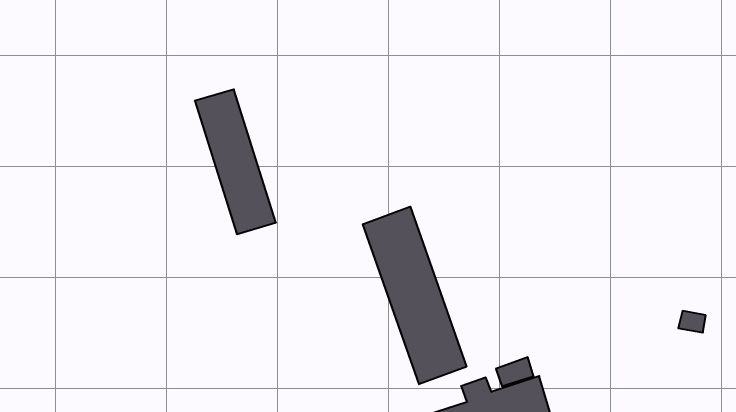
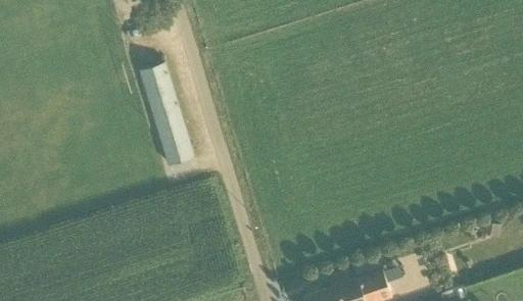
building: [363,207,466,384] -> none

